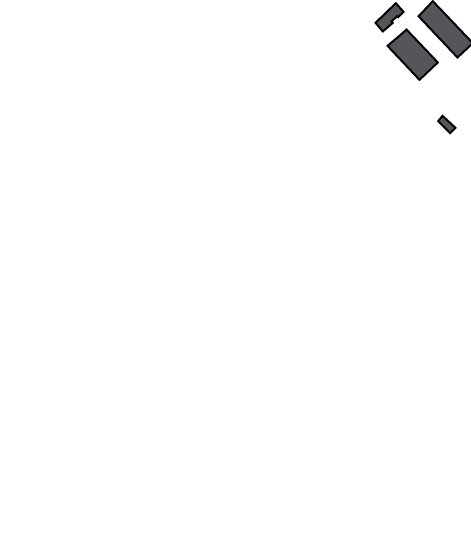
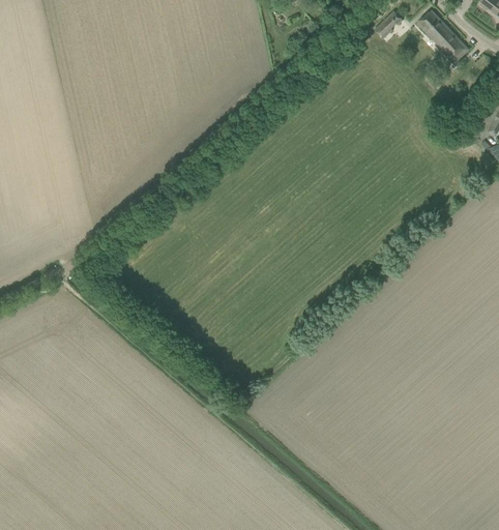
building: [387,29,438,80] -> none

